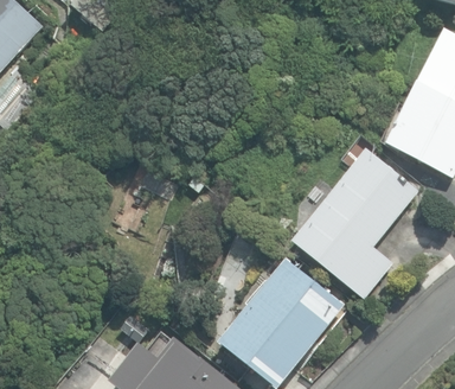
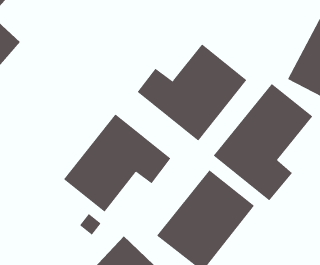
building: none -> [137,43,247,141]
building: none -> [63,114,171,212]

